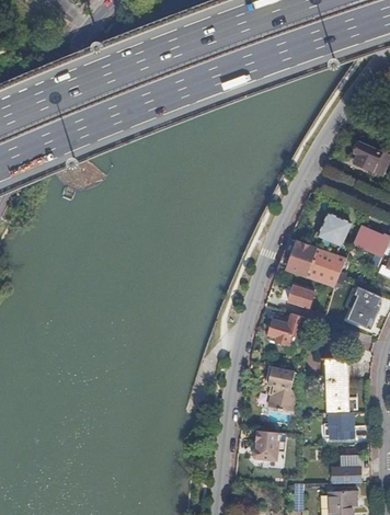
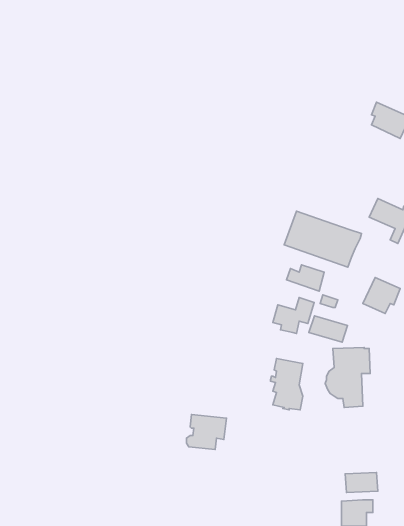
building: [314,213,349,253] -> none
building: none -> [309,316,348,342]
building: [331,411,353,438] -> none
building: [252,430,287,460] -> [186,414,226,449]

